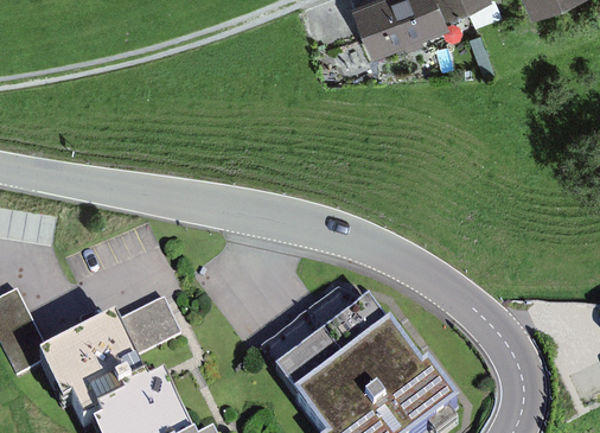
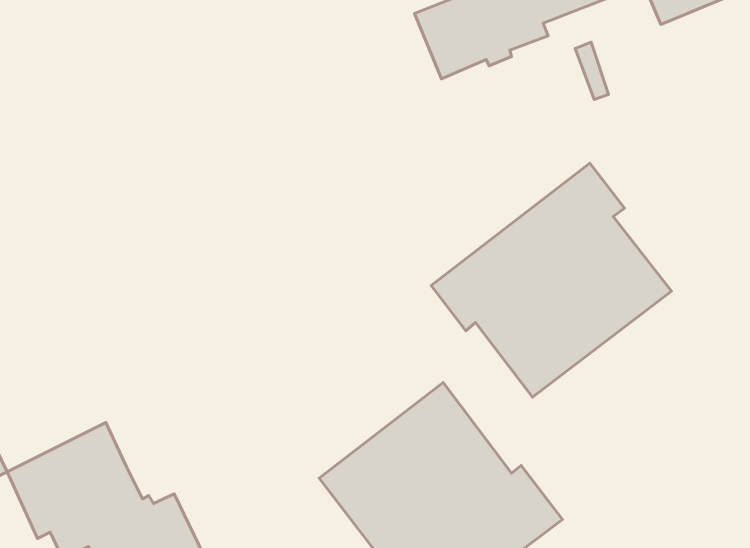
building: none -> [431,163,671,397]
building: [119,298,179,352] -> none

